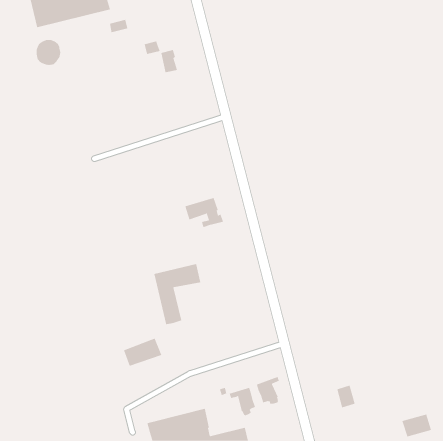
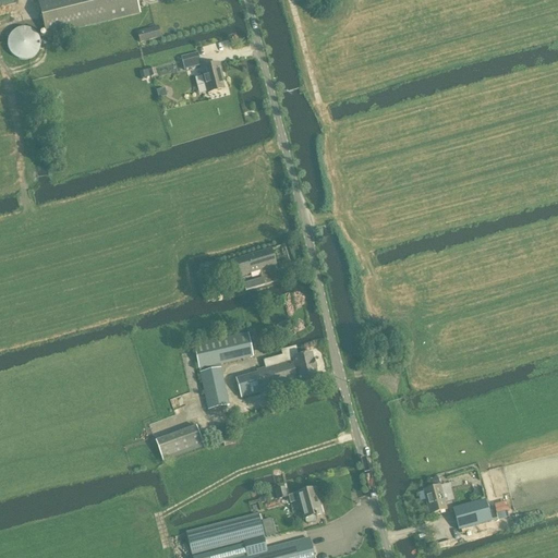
building: [36,39,61,65] -> [9,23,40,56]
building: none -> [235,345,318,397]
building: [256,376,280,405] -> none
building: [402,414,432,437] -> [452,499,490,529]

